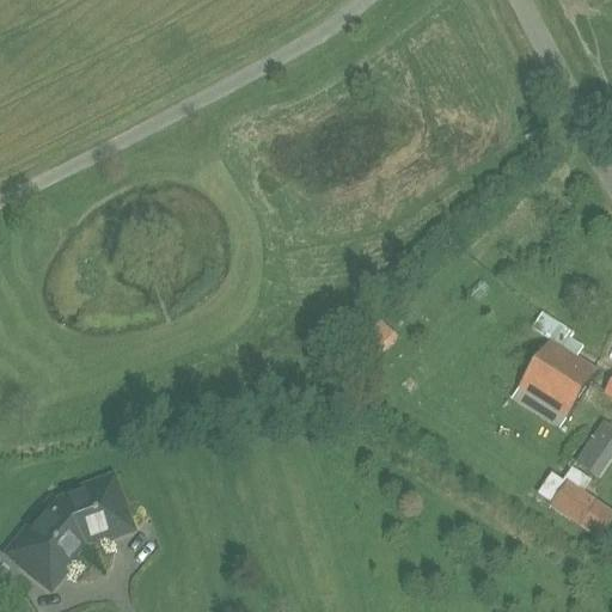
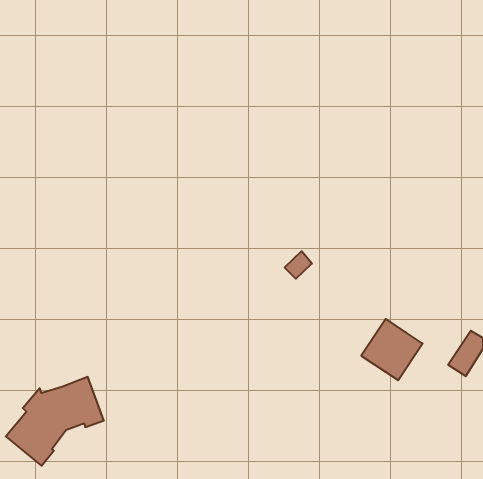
building: [520,341,598,418] -> [361,319,423,380]
building: [551,481,595,522] -> none

